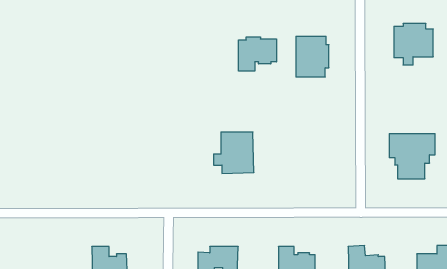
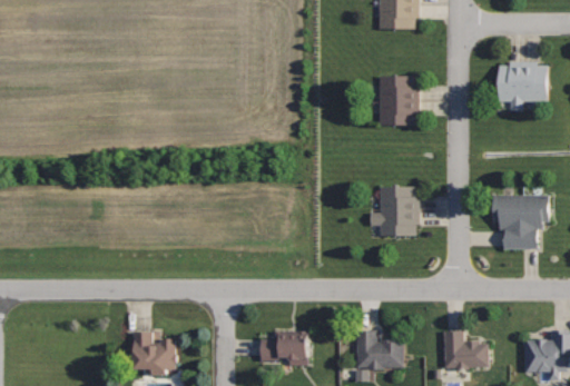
building: [239,37,276,71] -> none
building: [214,132,254,173] -> [370,186,419,236]

